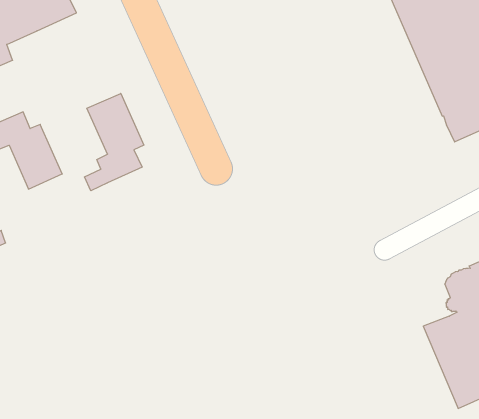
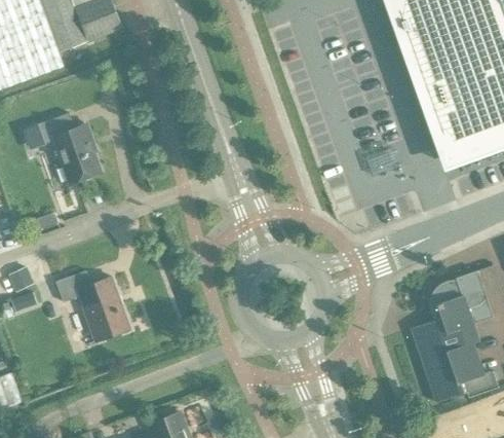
building: [84,93,144,191] -> none
building: none -> [55,270,130,340]

